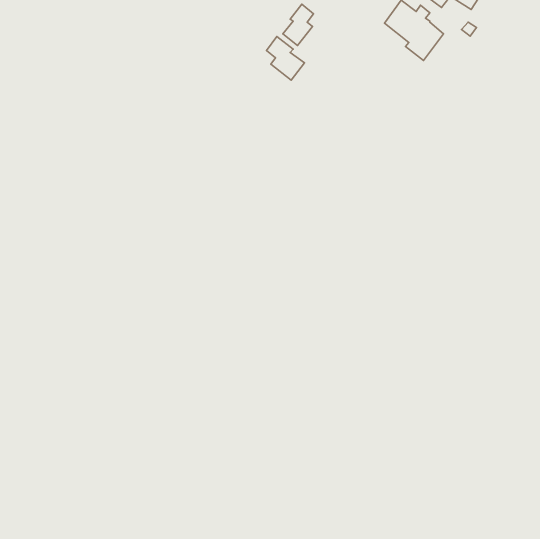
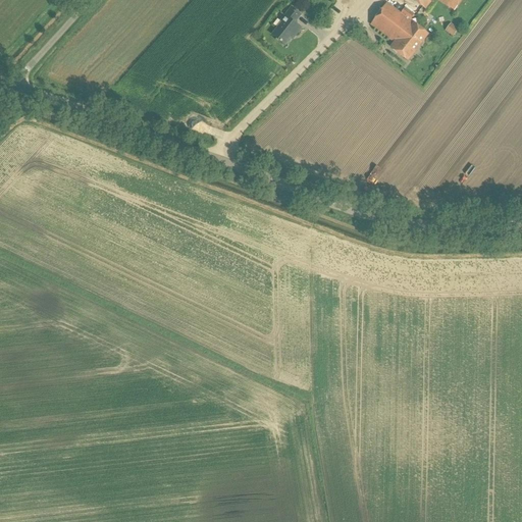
building: [267,37,305,80] -> none

